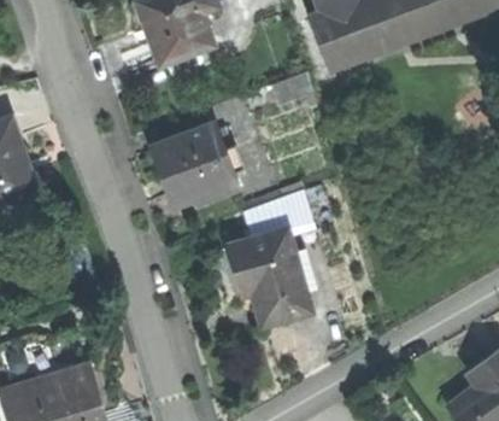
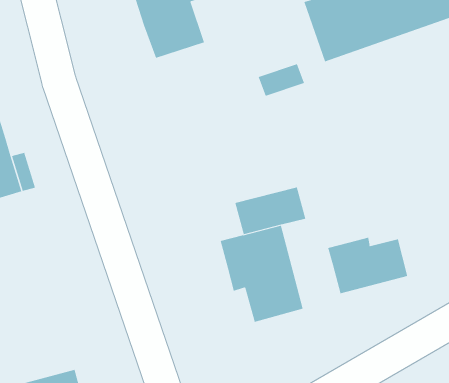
building: [153,128,245,203] -> none
building: none -> [328,237,408,294]

